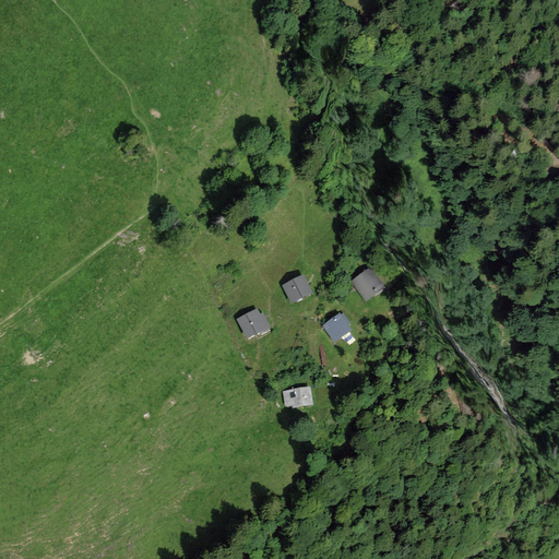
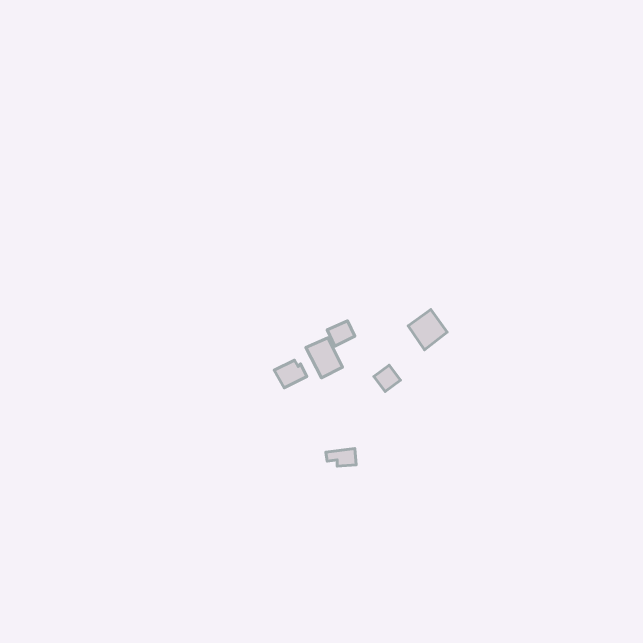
building: none -> [306,338,343,378]

